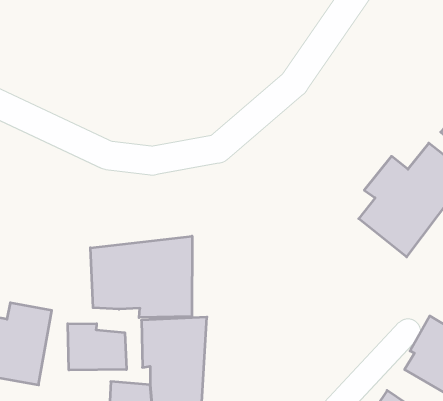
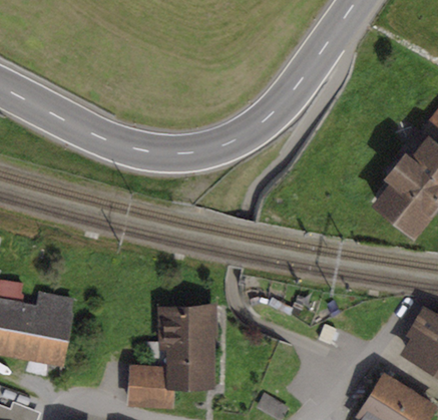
building: [90,236,192,318] -> none
building: [68,324,126,370] -> none

